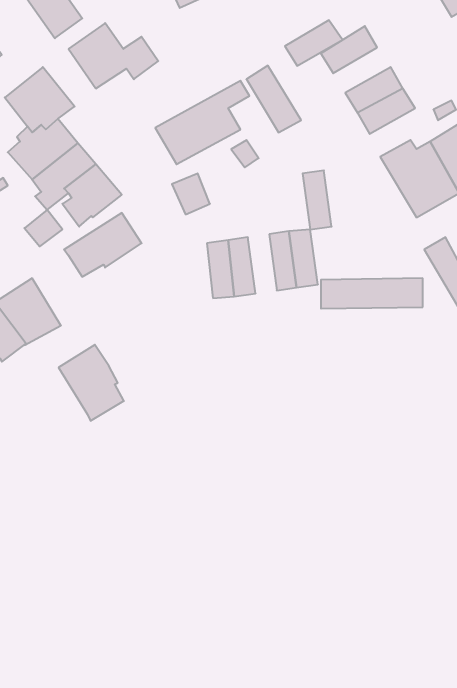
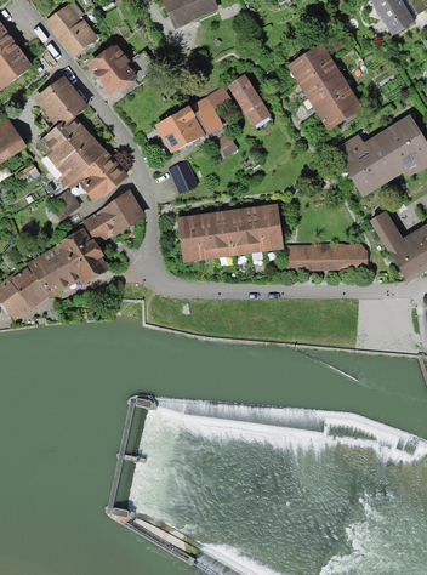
building: [285,20,343,66] -> [296,59,342,96]
building: [303,170,332,230] -> [228,209,251,256]
building: none -> [177,216,200,262]
building: [59,345,124,421] -> [56,226,108,286]

